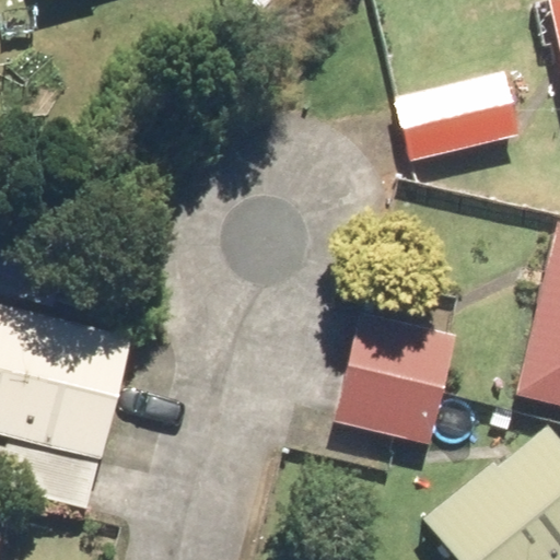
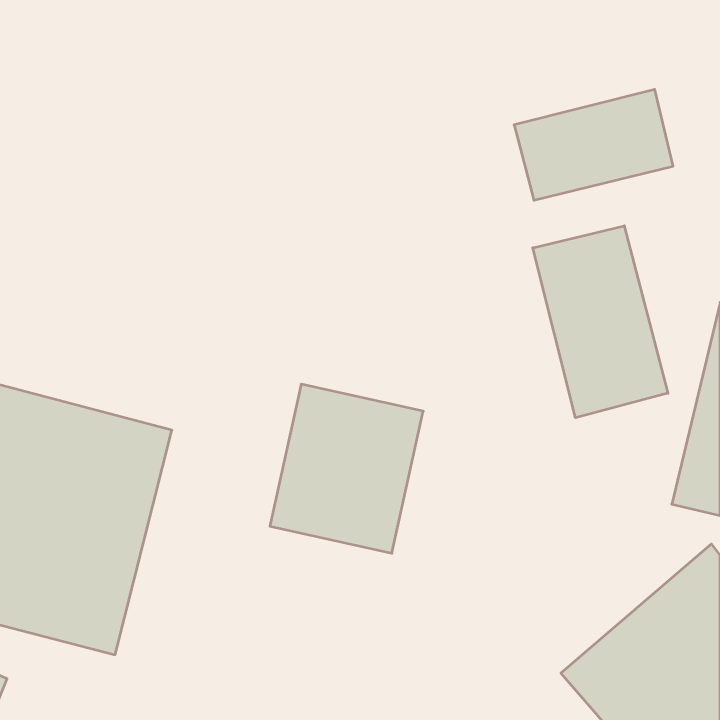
building: none -> [533,226,668,418]
building: [336,313,454,443] -> [270,384,423,553]

